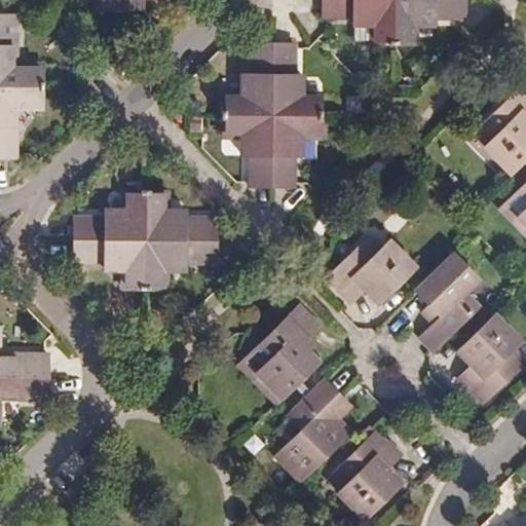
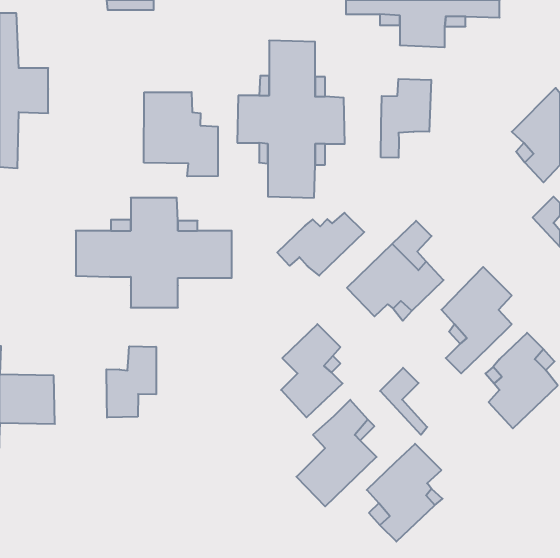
building: none -> [381,79,431,158]
building: none -> [144,92,218,176]
building: none -> [277,213,364,276]
building: none -> [106,346,156,418]
building: [242,338,287,401] -> [380,368,427,435]

